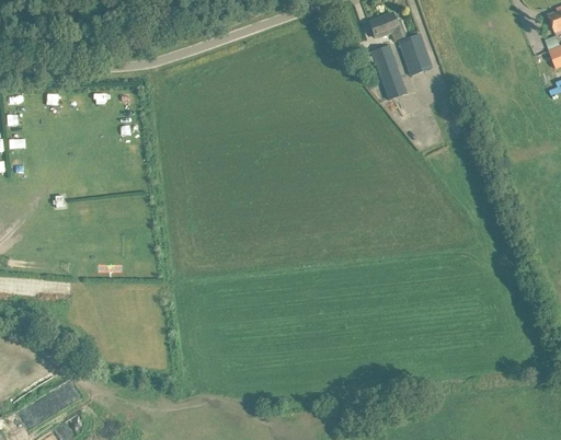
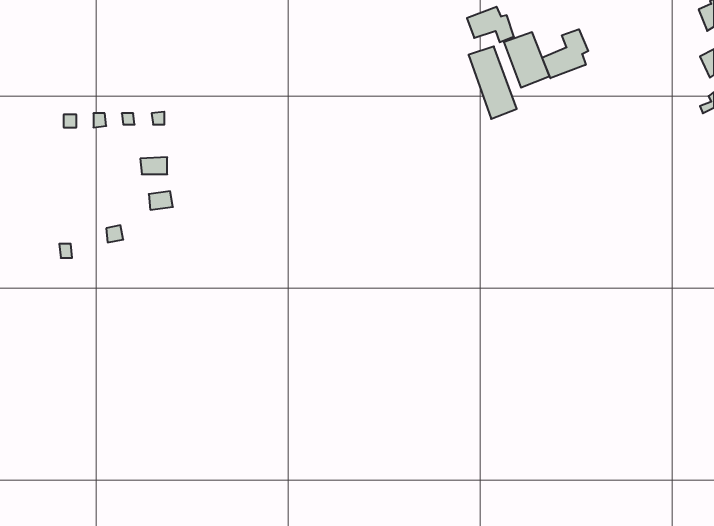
building: none -> [542,29,588,78]

